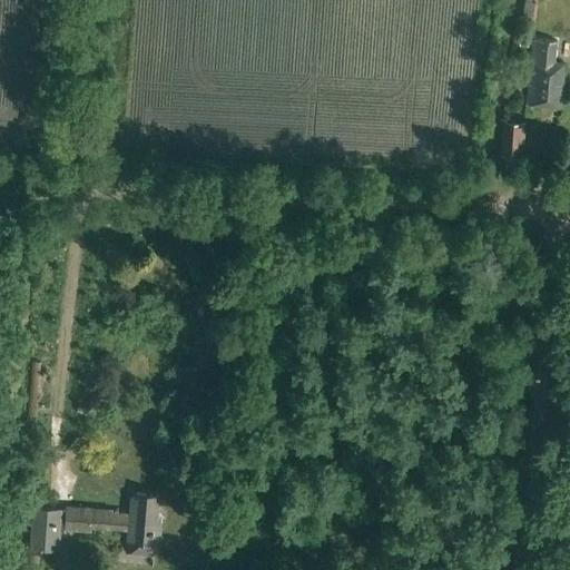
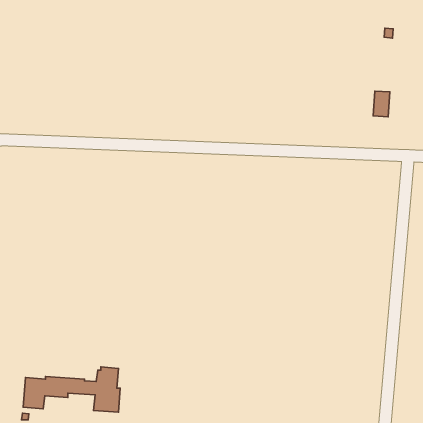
building: [527,39,564,108] -> none

